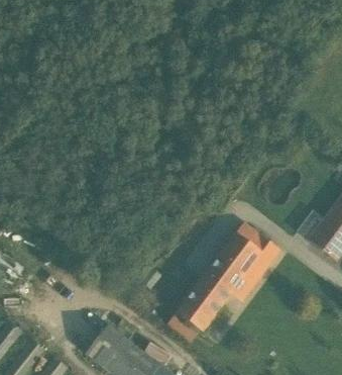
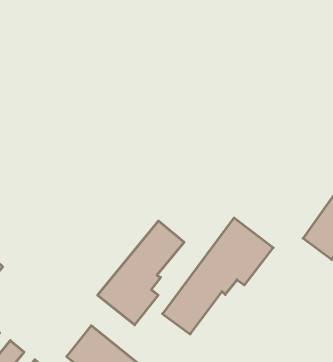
building: none -> [98,221,184,325]

